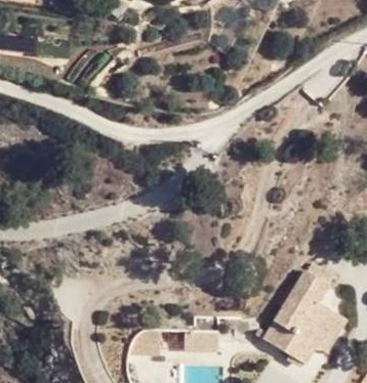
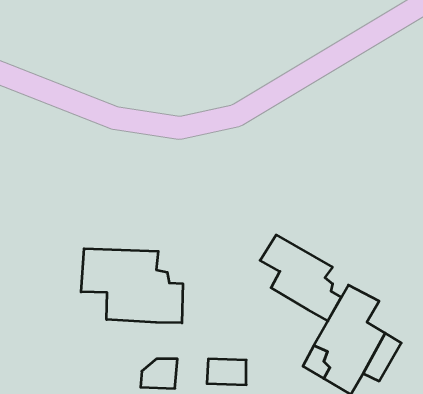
building: none -> [260,235,341,321]
building: none -> [81,249,183,323]

